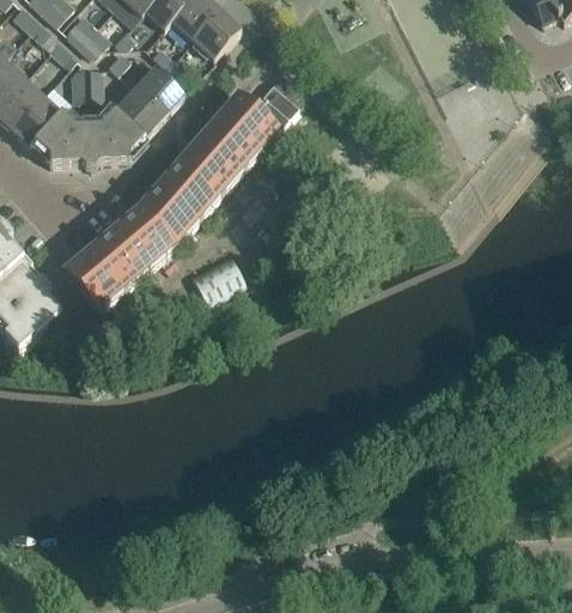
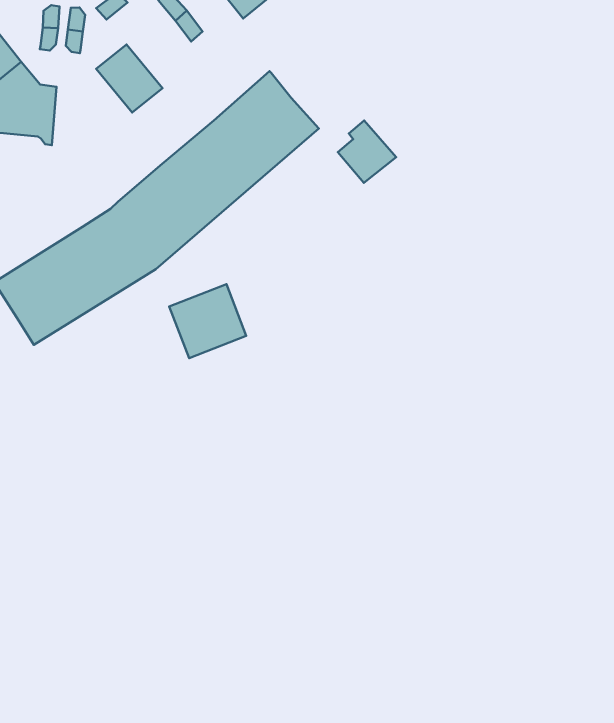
building: [132,65,182,114] -> none
building: [255,81,297,126] -> [338,121,396,183]
building: [86,107,142,165] -> none

